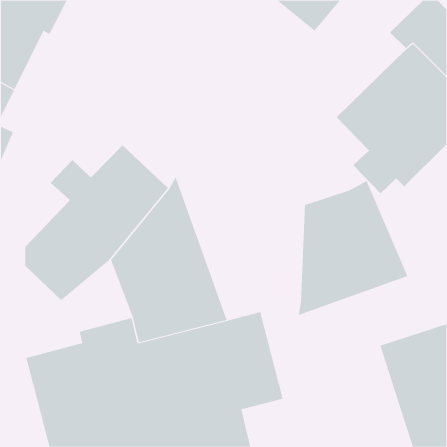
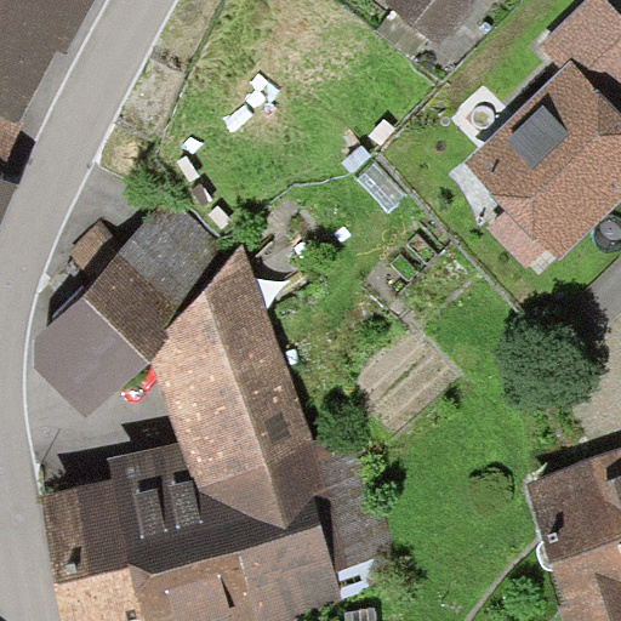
building: [298,180,408,316] -> none

